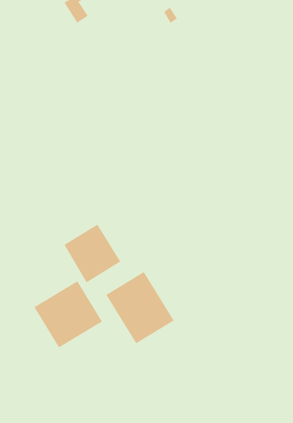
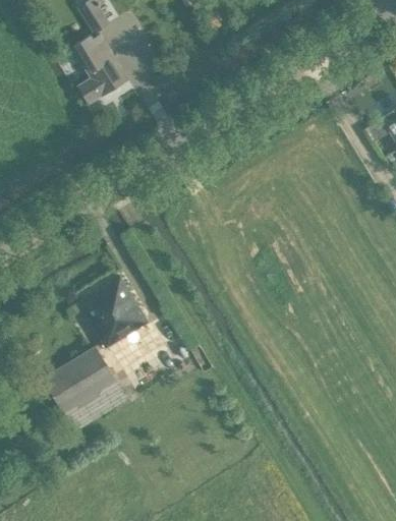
building: none -> [72,35,128,103]
building: [106,271,175,344] -> none

